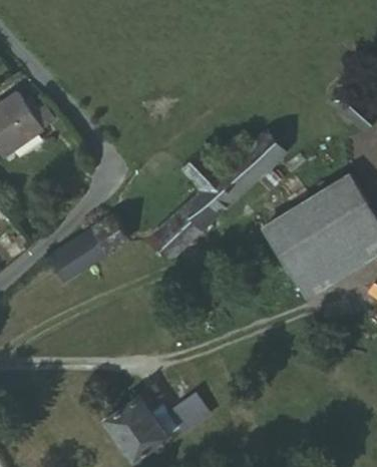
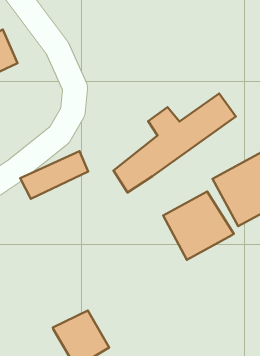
building: none -> [163,192,234,260]
building: [171,387,215,428] -> none

